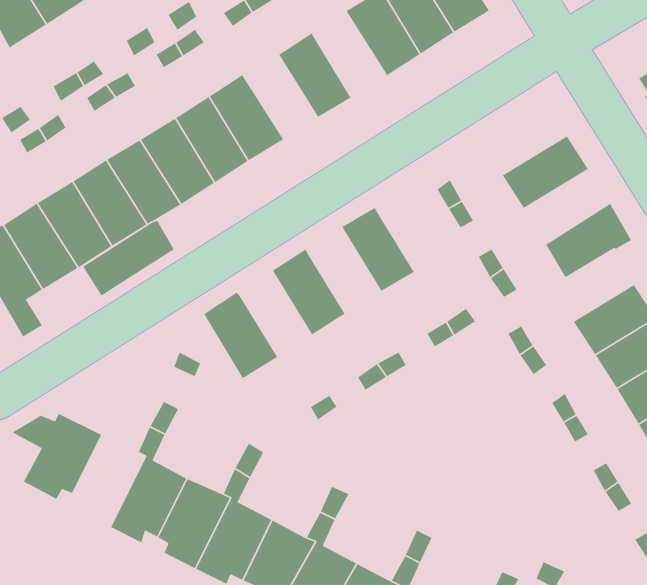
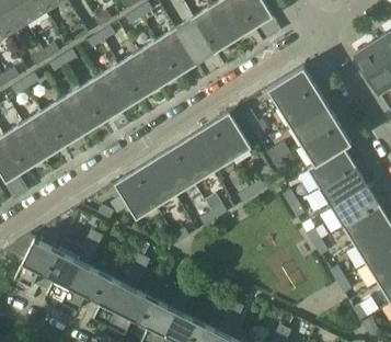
building: none -> [174,16,216,65]
building: none -> [136,41,177,88]
building: none -> [267,66,315,107]
building: none -> [291,104,340,146]
building: none -> [209,112,252,161]
building: [82,220,175,297] -> none
building: none -> [171,136,212,184]
building: none -> [307,148,353,189]
building: none -> [133,160,174,208]
building: none -> [42,239,83,303]

